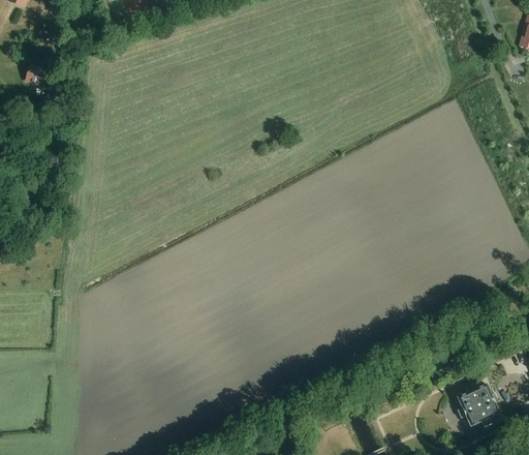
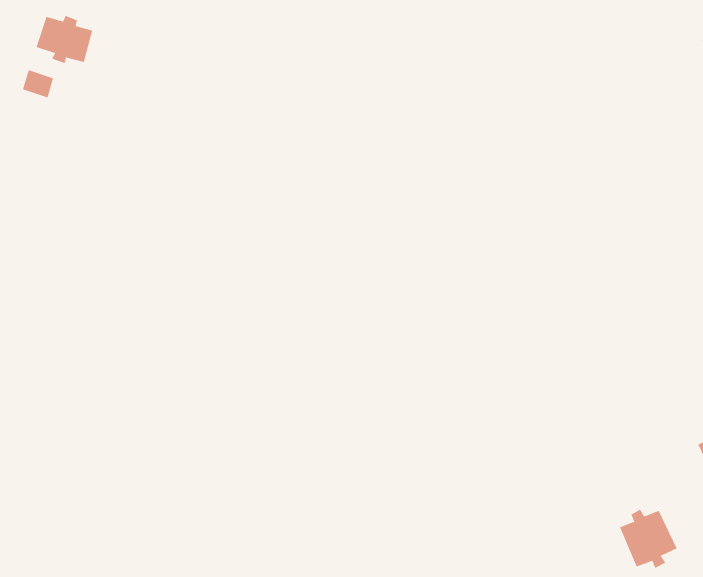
building: none -> [36,15,93,64]

